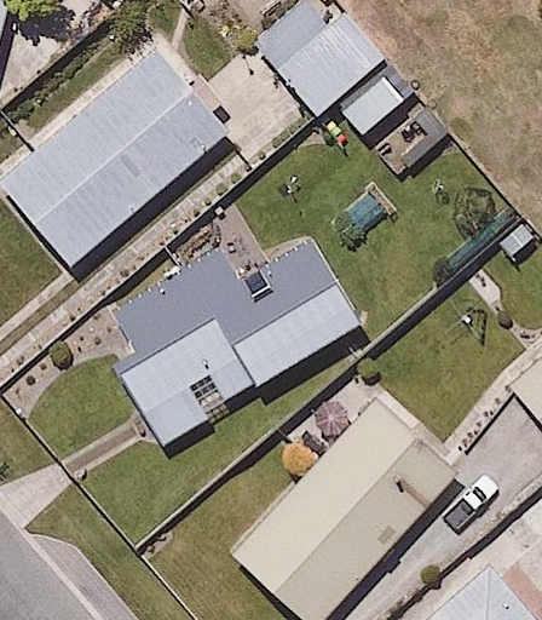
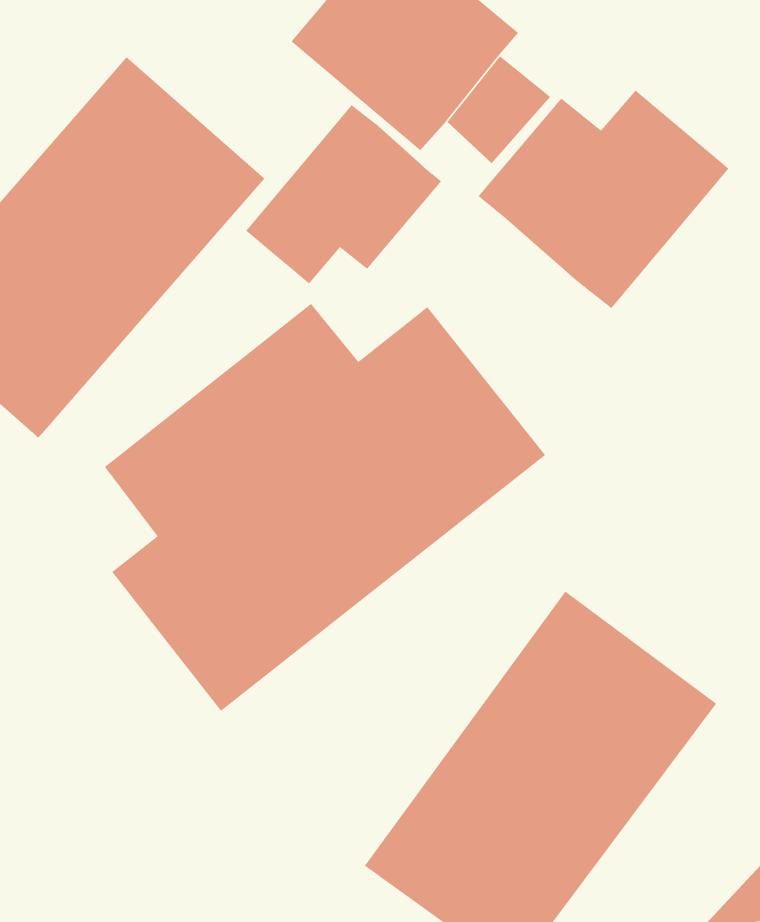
building: none -> [245,104,442,285]
building: none -> [478,89,729,309]

